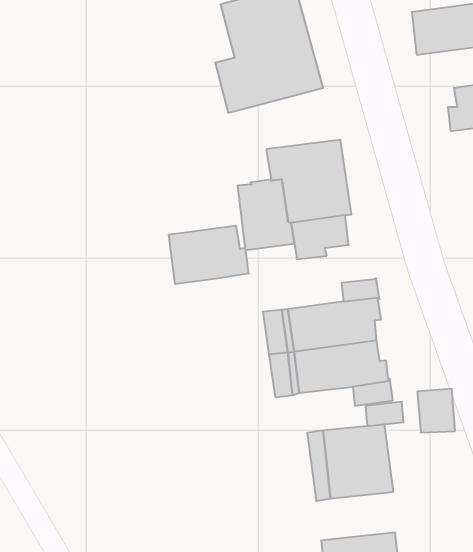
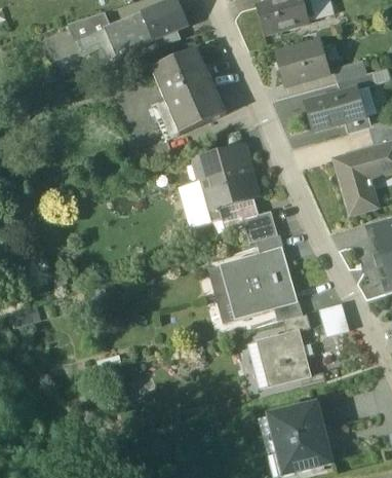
building: [169,226,249,284] -> none
building: none -> [242,213,277,244]

